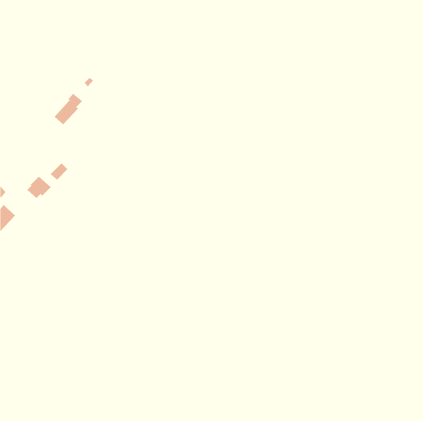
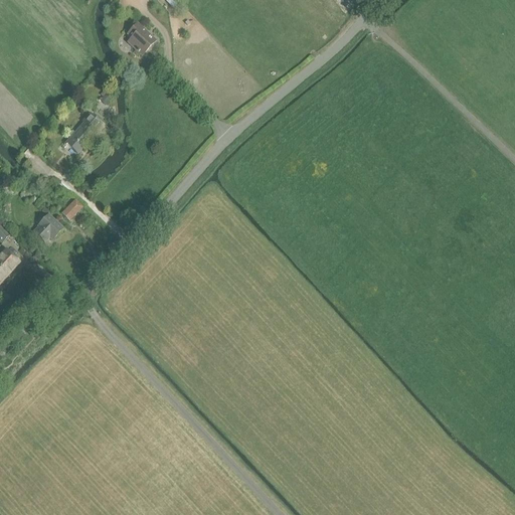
building: none -> [127,22,153,54]

